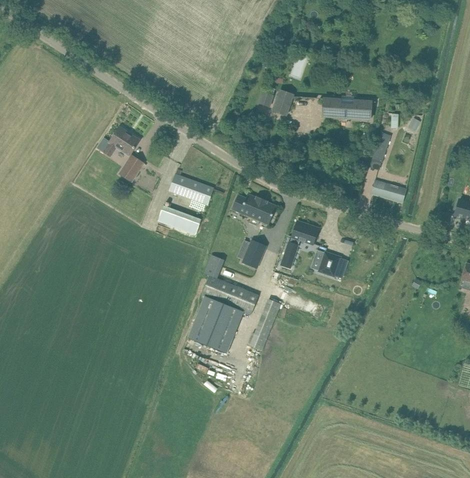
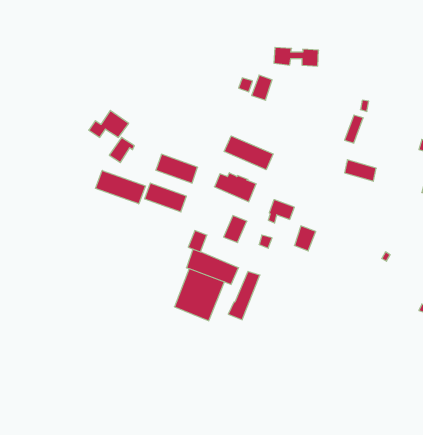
building: [322,98,370,118] -> [274,47,319,66]
building: none -> [224,136,273,170]
building: none -> [96,170,145,204]

